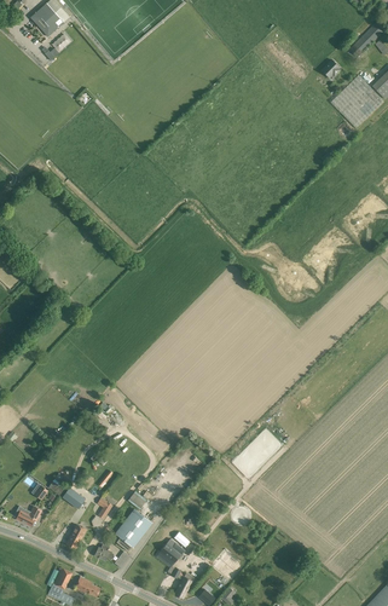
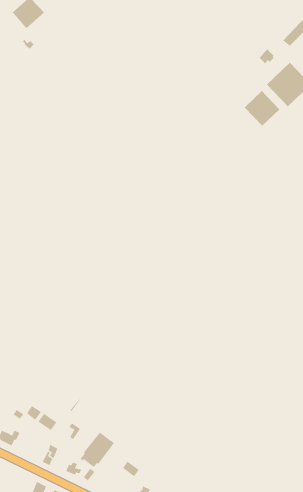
building: none -> [244,90,280,127]

